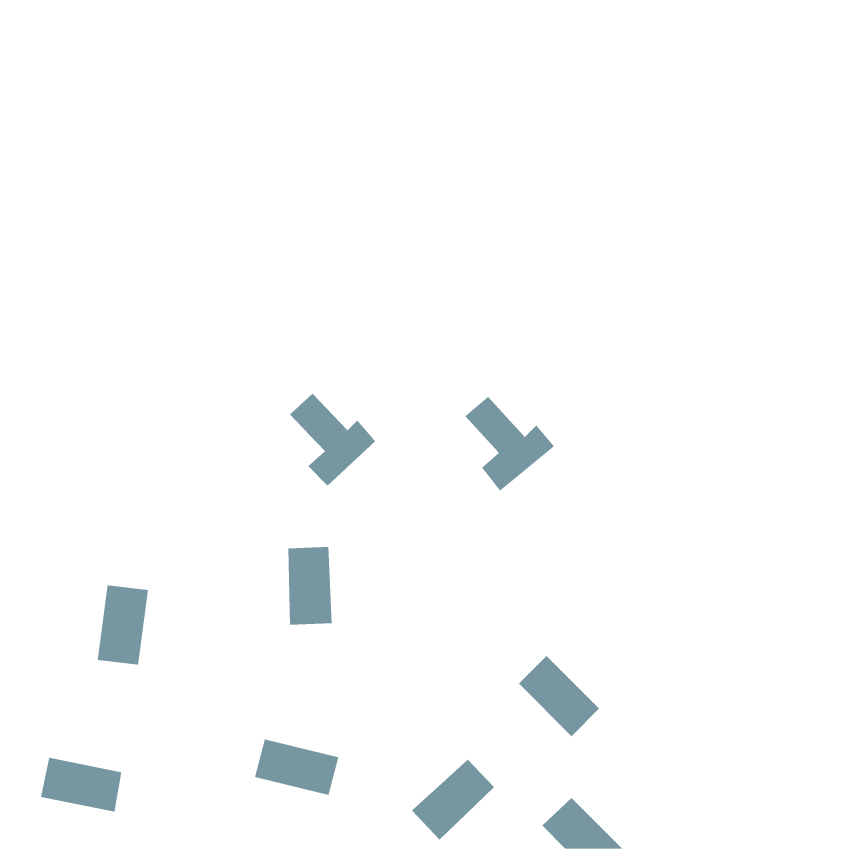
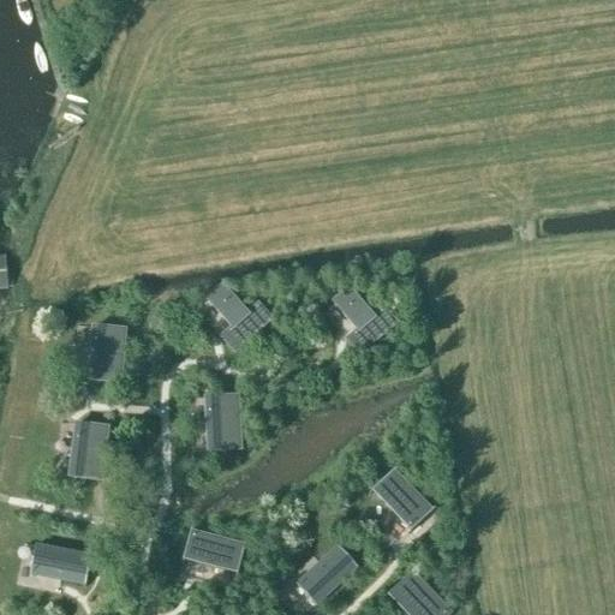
building: none -> [89,323,121,381]

